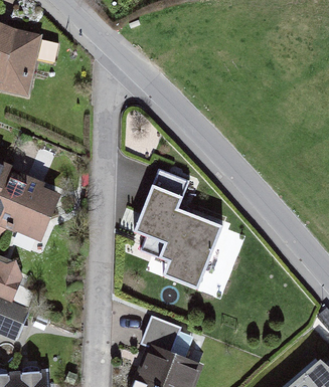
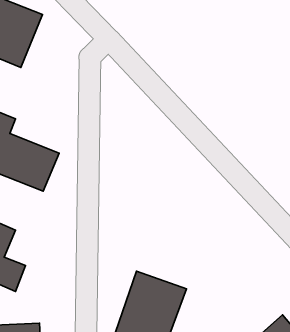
building: [122,163,220,287] -> none

